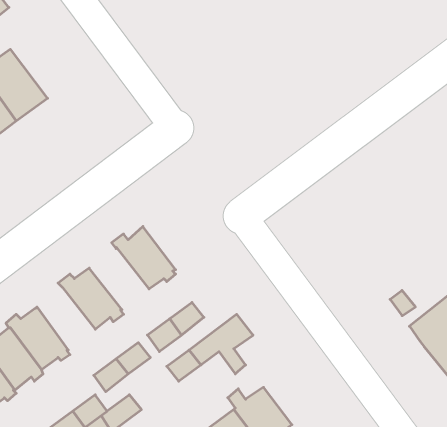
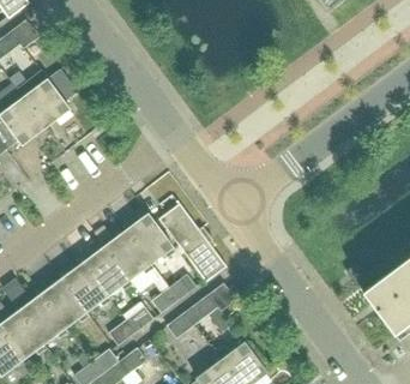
building: none -> [158,200,227,282]
building: none -> [101,229,153,280]
building: none -> [58,262,110,312]

